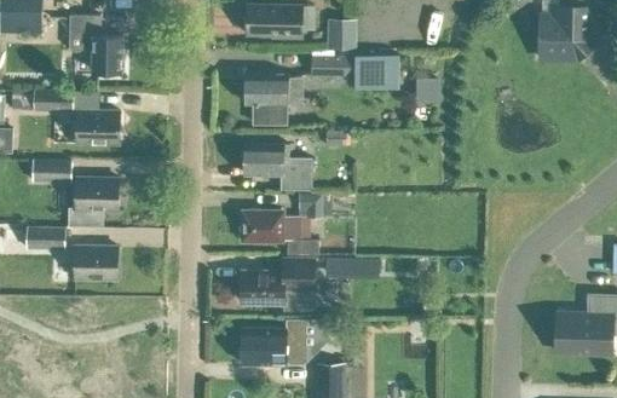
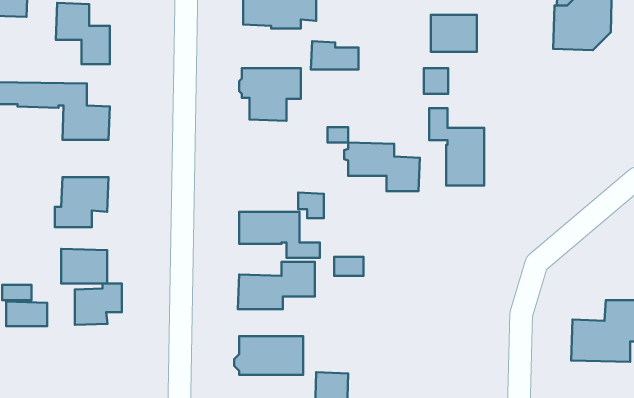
building: [328,21,356,50] -> none
building: [356,54,399,90] -> [431,15,477,52]
building: none -> [429,108,484,185]
building: [242,144,313,190] -> [344,143,420,191]
building: [33,160,71,183] -> none
building: [27,227,65,250] -> [6,302,47,326]
building: none -> [75,284,122,325]

